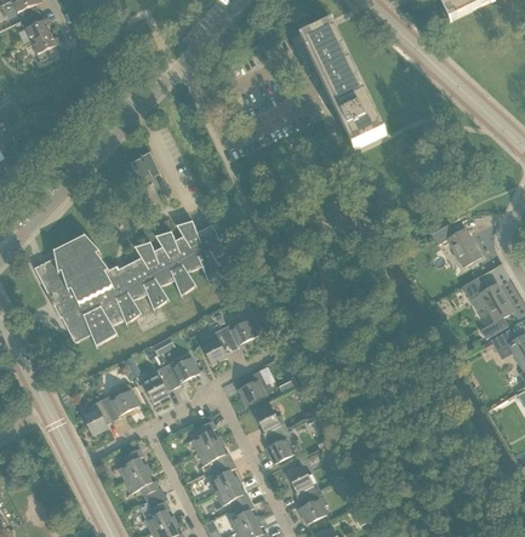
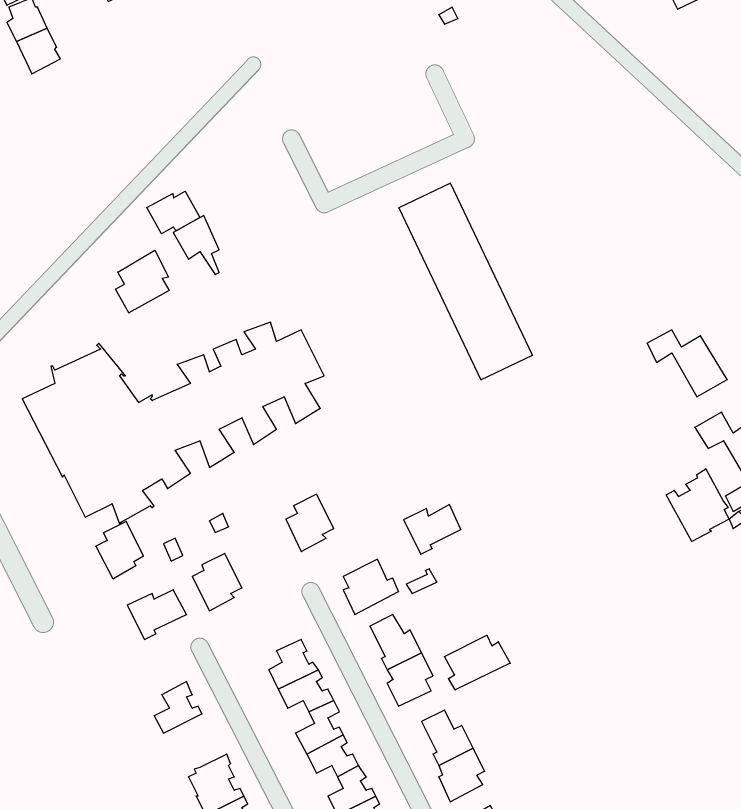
building: [301,23,386,148] -> [399,183,533,380]
building: none -> [147,191,200,234]
building: none -> [116,250,169,313]
building: none -> [666,469,729,541]
building: [221,318,257,349] -> [404,505,461,554]
building: [162,355,199,387] -> none
building: [81,398,112,434] -> [96,521,143,579]
building: none -> [444,635,510,690]
building: [124,467,164,501] -> none

